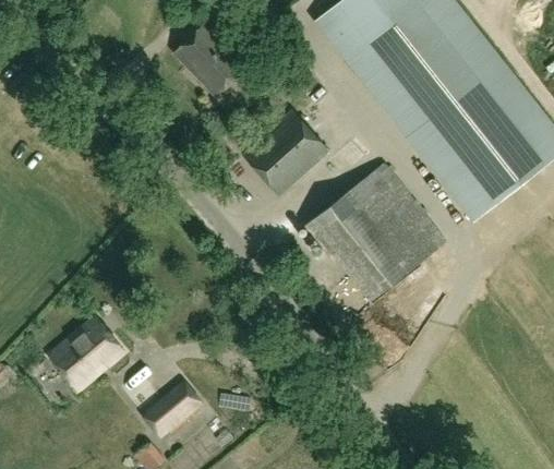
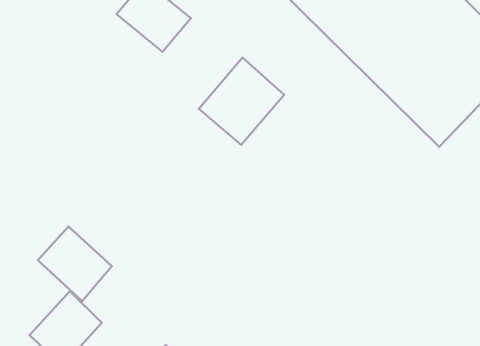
building: [305,164,446,302] -> none
building: none -> [38,226,112,301]

